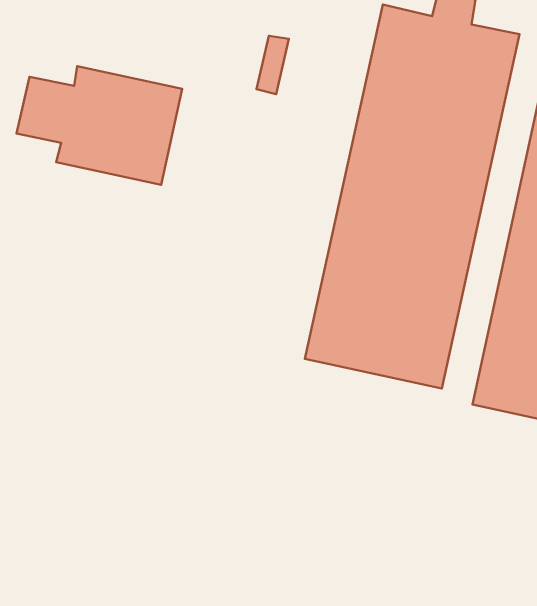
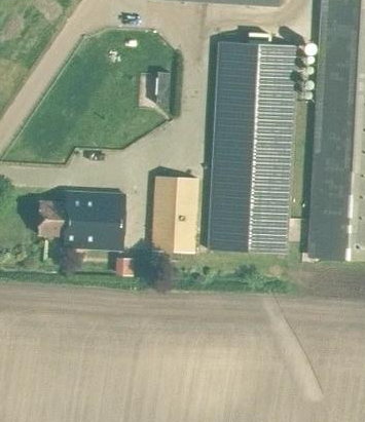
building: [17,66,182,185] -> [38,191,126,250]
building: none -> [150,177,197,254]

